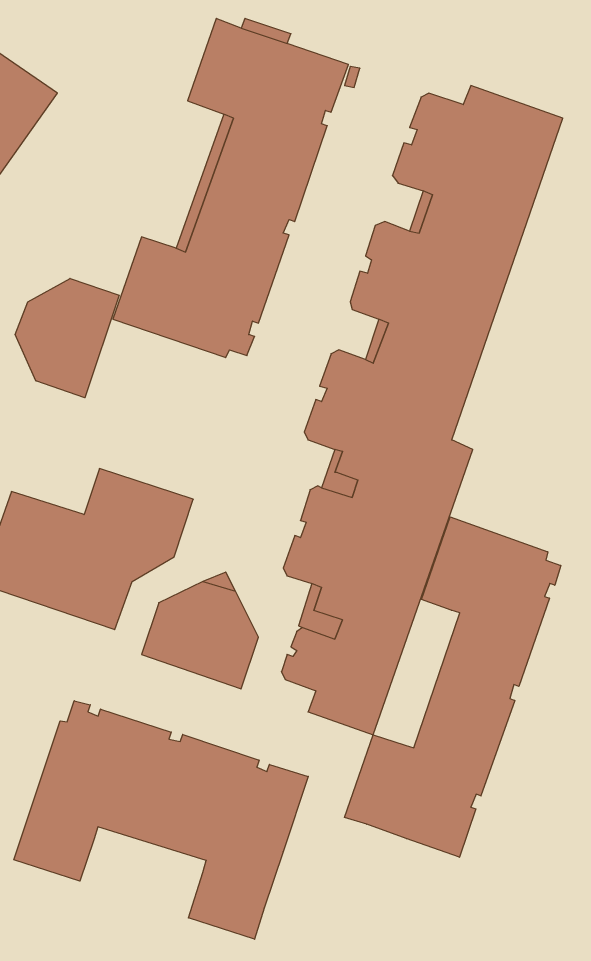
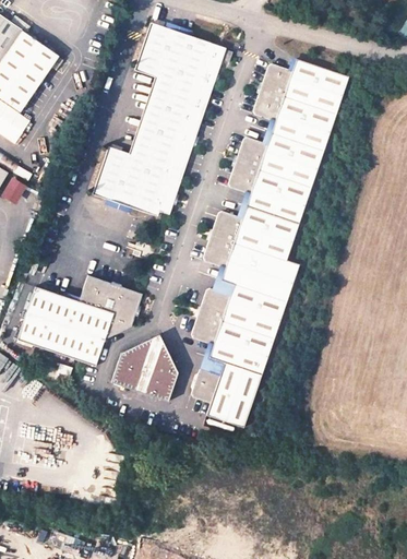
building: [15,278,119,398] -> none
building: [345,517,561,857] -> none
building: [14,701,308,939] -> none

